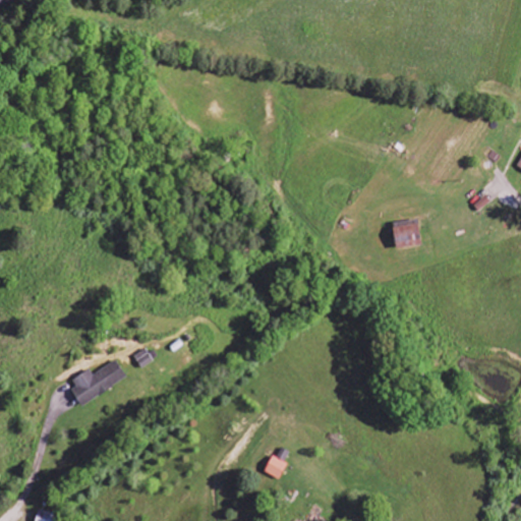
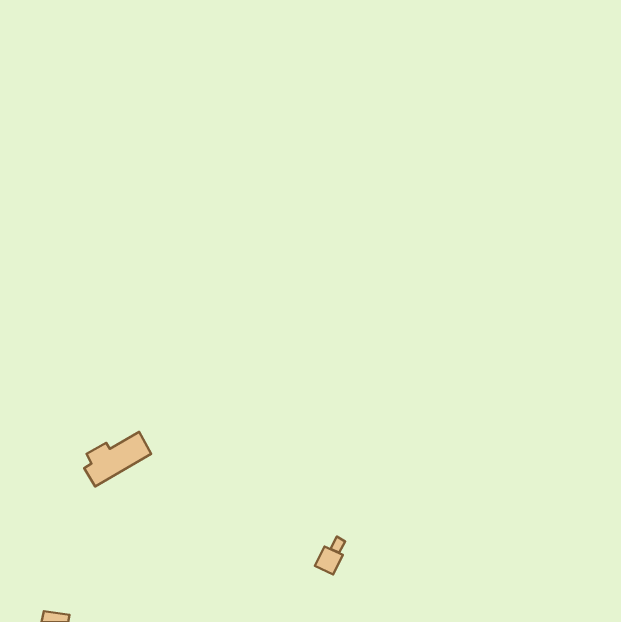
building: [392,220,420,248] -> none

